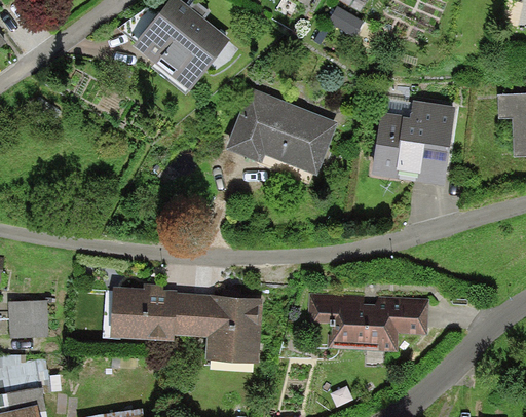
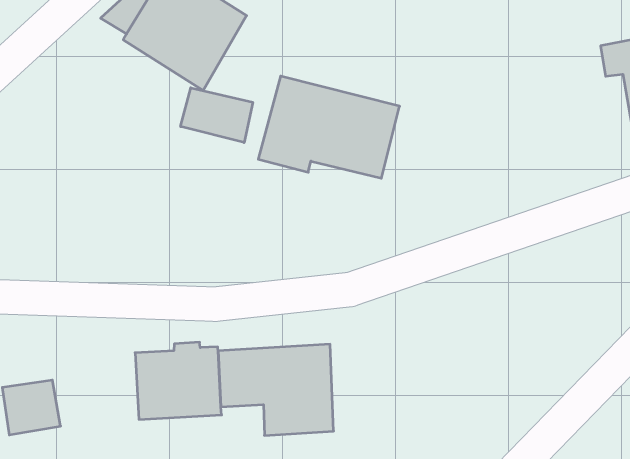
building: none -> [181,88,253,143]
building: [371,101,455,187] -> none
building: [307,292,428,351] -> none

